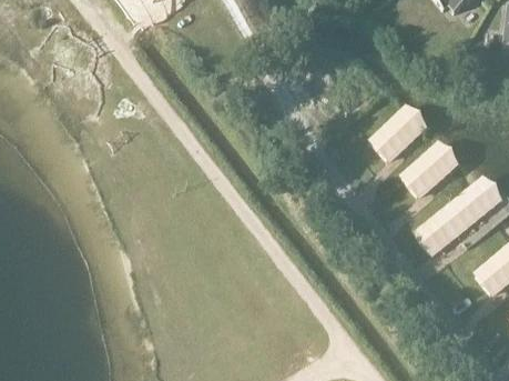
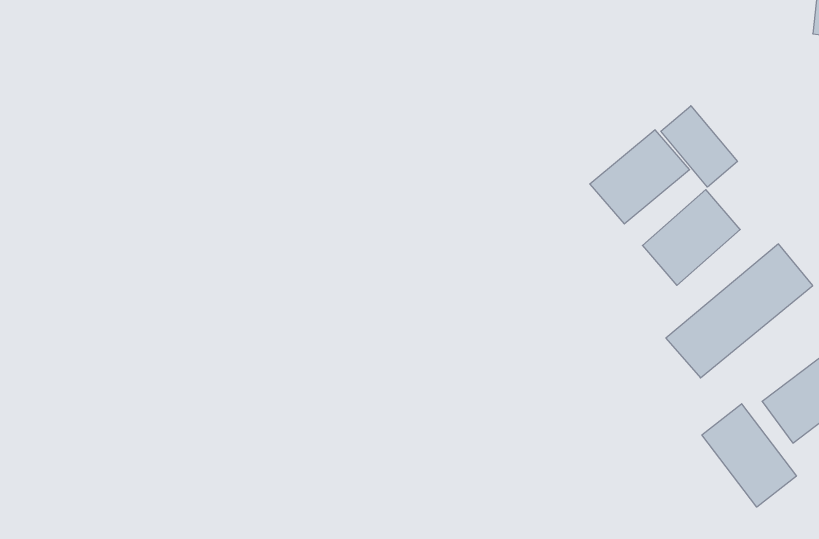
building: none -> [661,106,737,187]
building: none -> [702,404,796,507]

